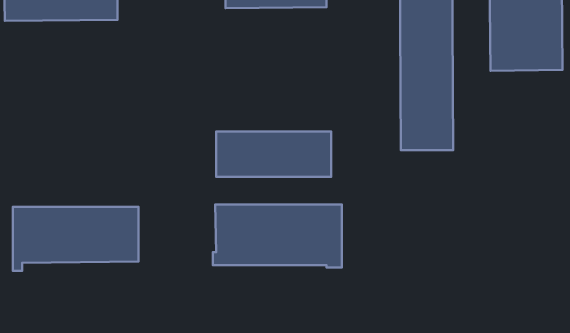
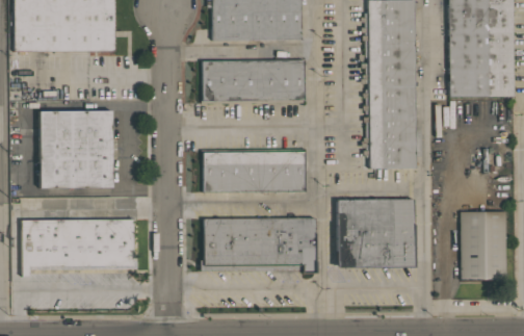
building: none -> [203,59,306,102]
building: none -> [41,111,114,188]
building: none -> [337,198,415,266]
building: none -> [461,211,507,280]

